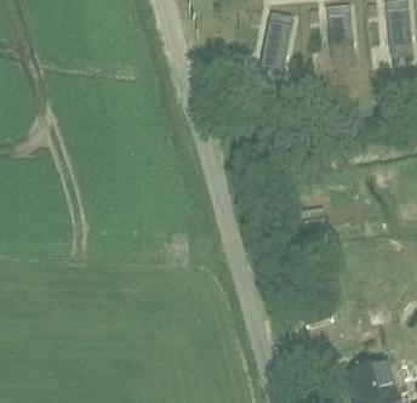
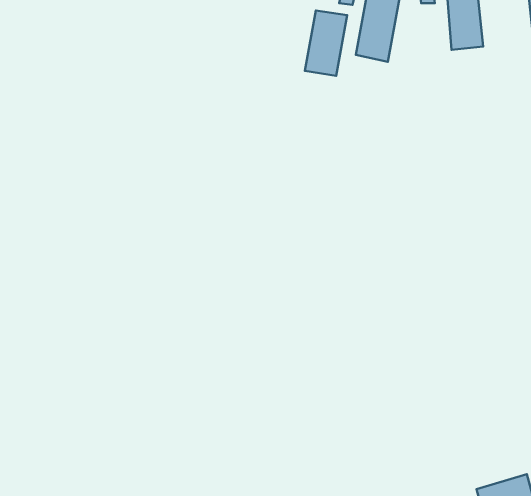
building: none -> [305,10,347,76]

